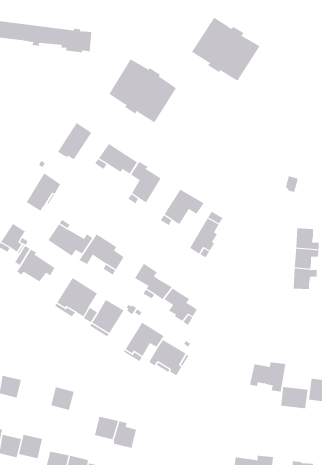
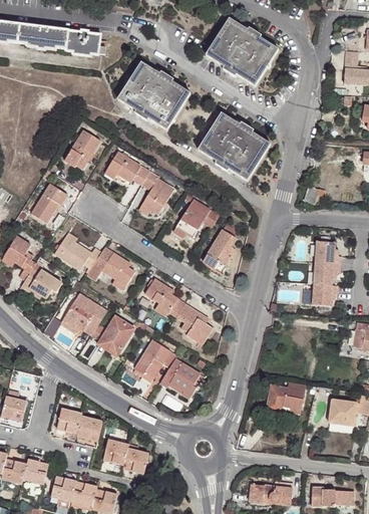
building: none -> [197,112,270,182]
building: [280,386,308,409] -> none
building: none -> [76,416,102,442]

